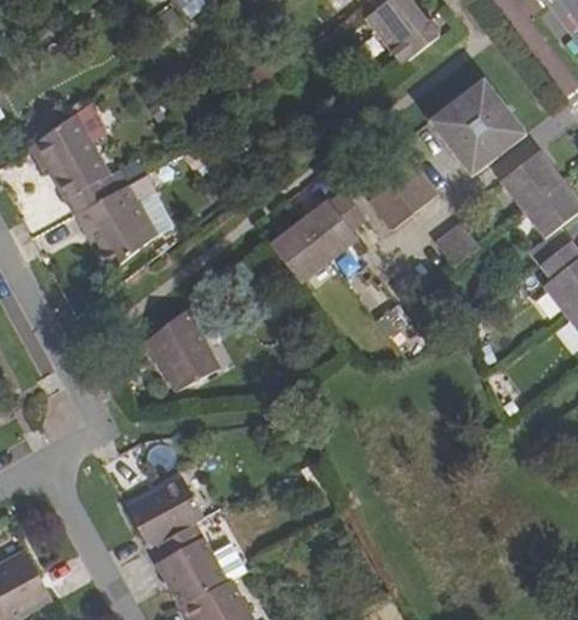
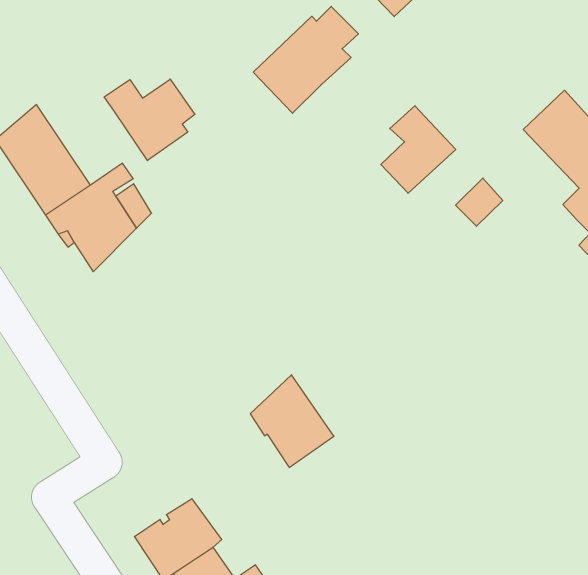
building: [434,75,531,172] -> none
building: none -> [104,79,195,161]
building: [275,188,372,280] -> [253,6,358,113]
building: [143,311,216,394] -> [250,375,334,467]

